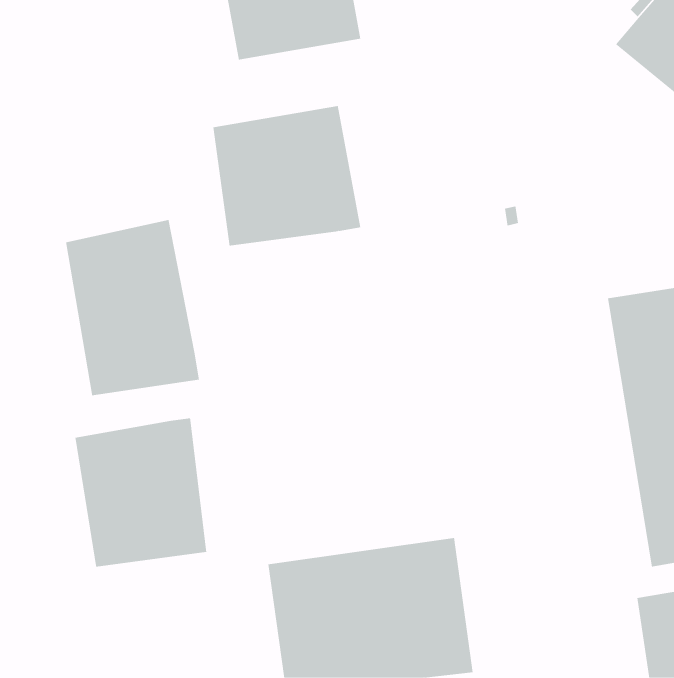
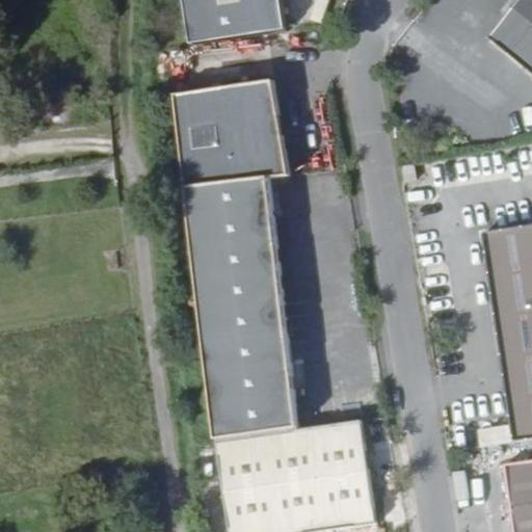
building: [66,219,200,396] -> none
building: none -> [185,180,302,435]
building: [75,418,207,567] -> none

